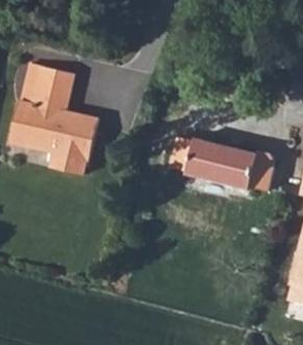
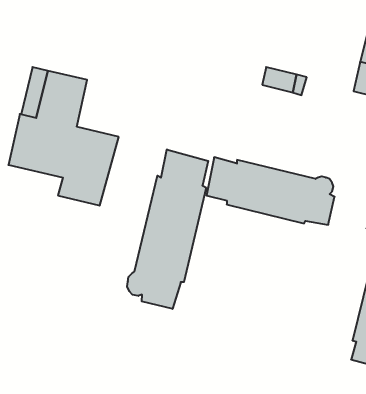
building: none -> [127,149,208,309]

